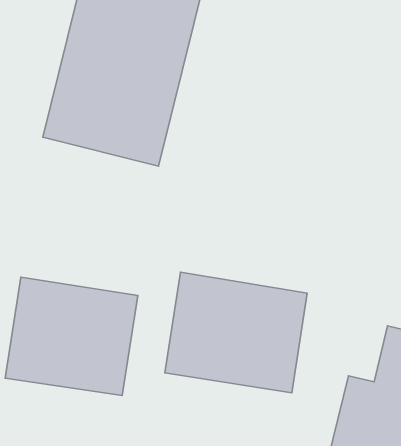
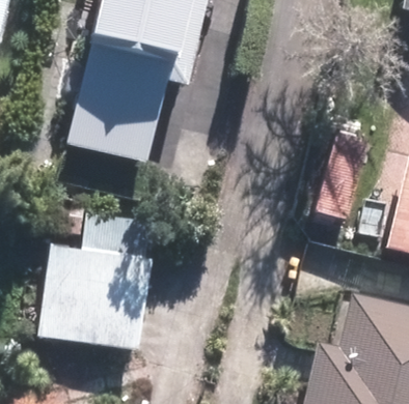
building: [165,272,307,393] -> none

